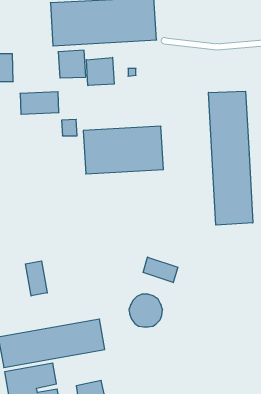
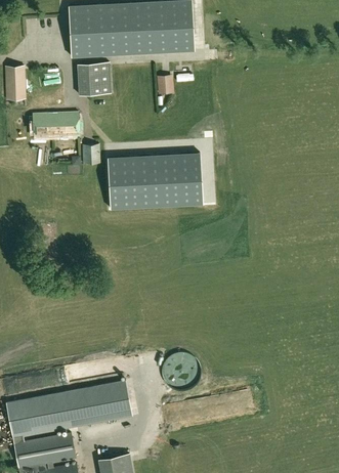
building: [86,57,114,86] -> none
building: [209,91,253,225] -> none
building: [143,257,178,283] -> none
building: [25,261,47,296] -> none

